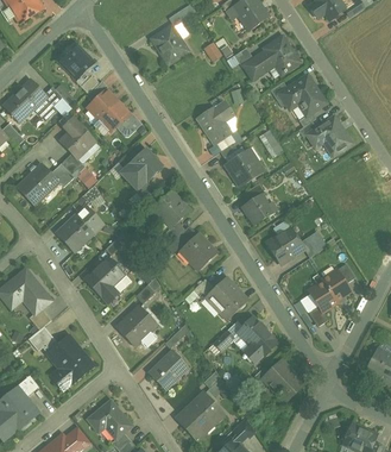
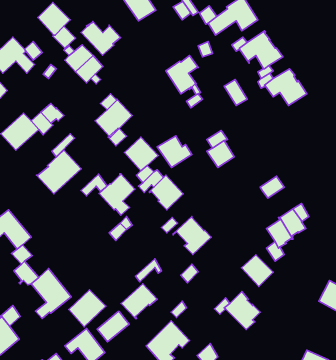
building: none -> [81,21,120,55]
building: [59,124,94,159] -> none
building: [225,151,263,186] -> [157,136,192,167]
building: [269,227,303,263] -> none
building: [84,257,124,302] -> [99,174,135,215]
building: [116,306,157,346] -> [69,290,106,327]
building: [238,318,272,352] -> [242,255,273,286]
building: none -> [97,311,129,342]

